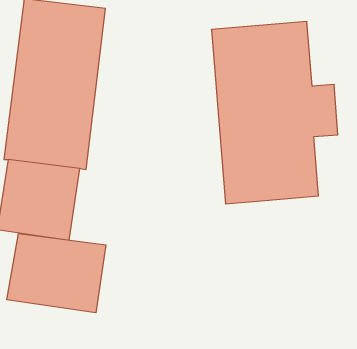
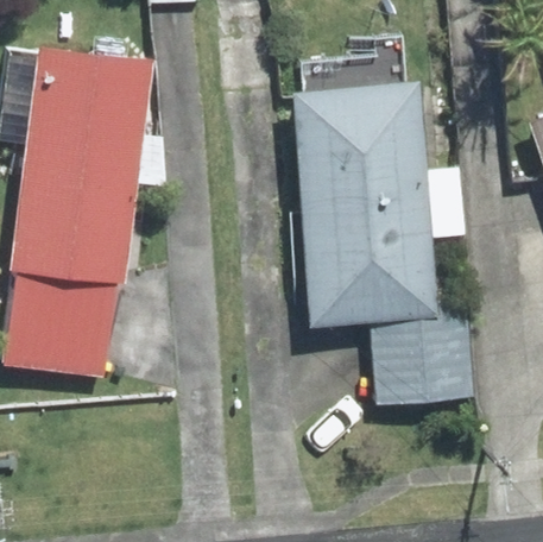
building: none -> [370,297,472,403]
building: [7,233,106,313] -> none

